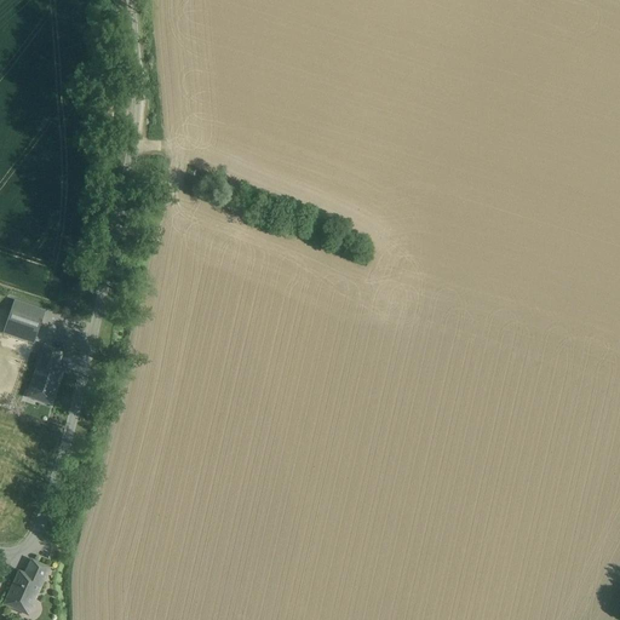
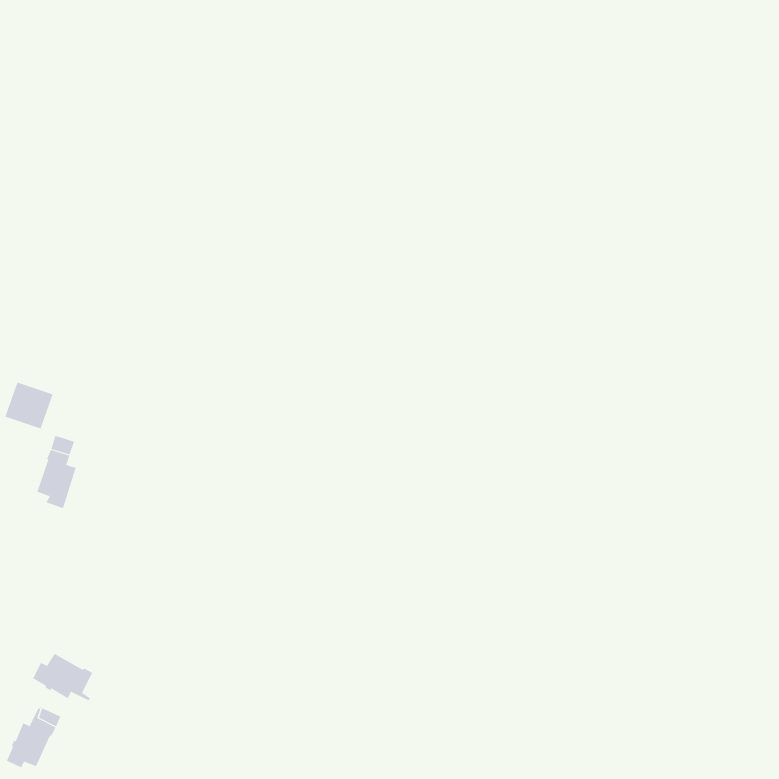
building: none -> [33,653,93,701]

